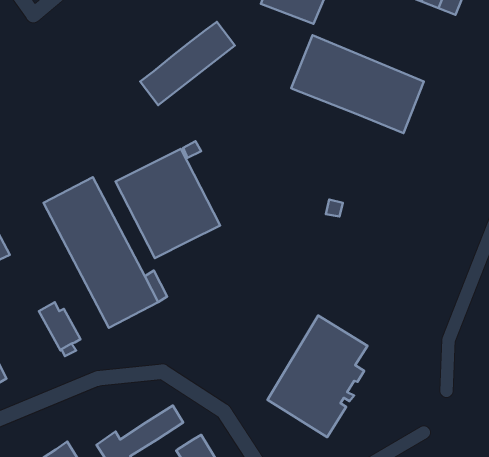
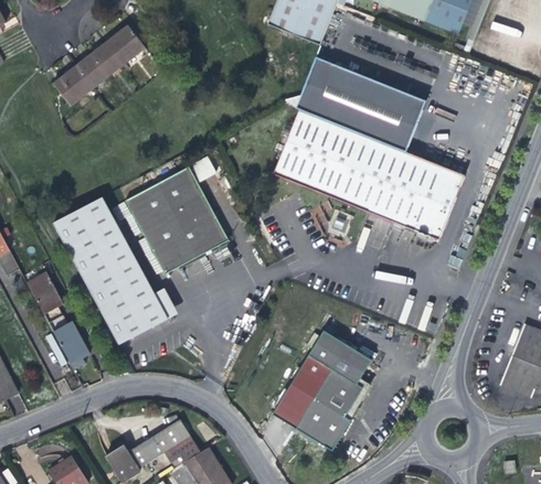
building: [140,22,235,105] -> [52,25,145,107]
building: none -> [272,108,465,239]
building: none -> [26,273,64,325]
building: none -> [165,434,200,461]

